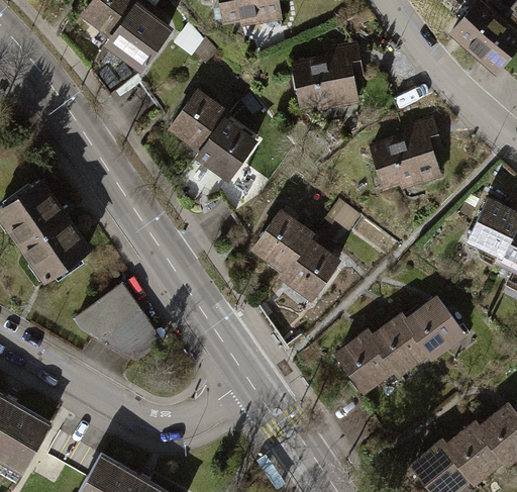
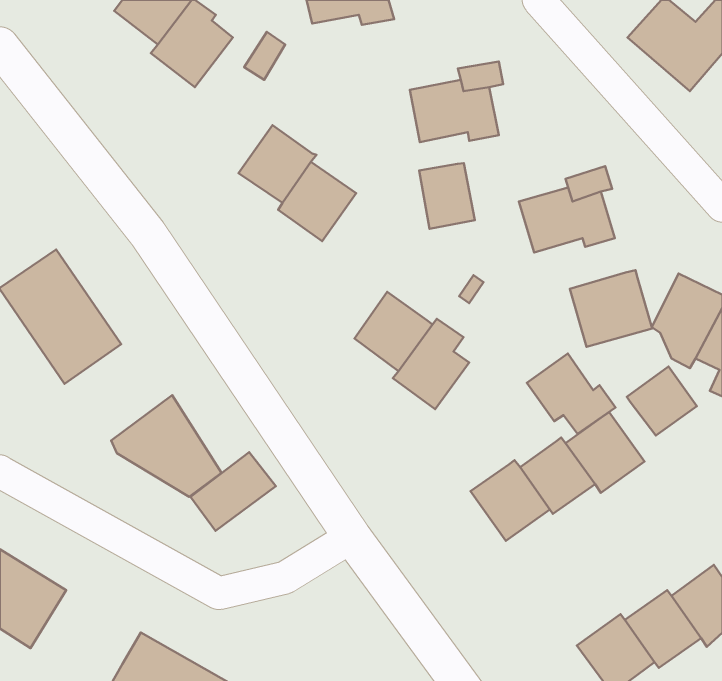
building: none -> [419,163,475,229]
building: none -> [570,270,652,347]
building: none -> [527,354,615,434]
building: none -> [627,366,697,436]
building: none -> [190,452,276,531]

